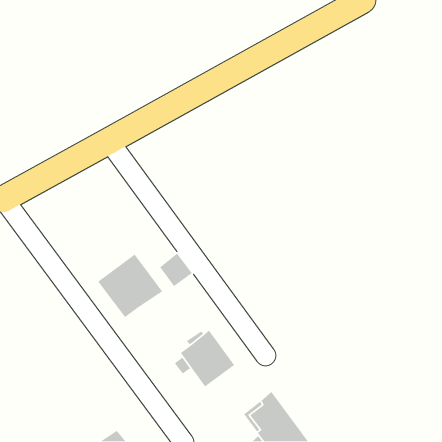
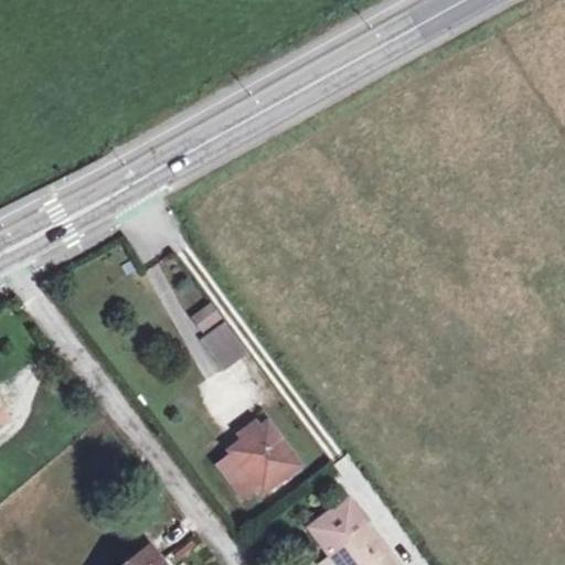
building: [97,253,163,318] -> none

